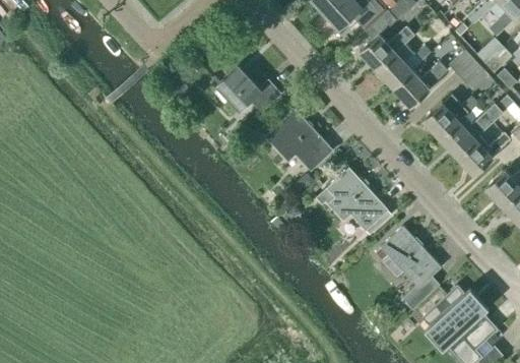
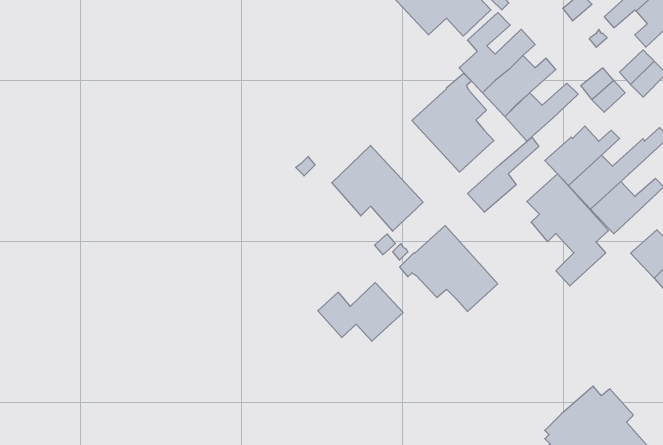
building: none -> [412,73,494,172]
building: [218,67,281,113] -> none
building: none -> [468,137,539,212]
building: none -> [318,283,403,341]
building: [381,227,441,309] -> [527,174,609,286]

